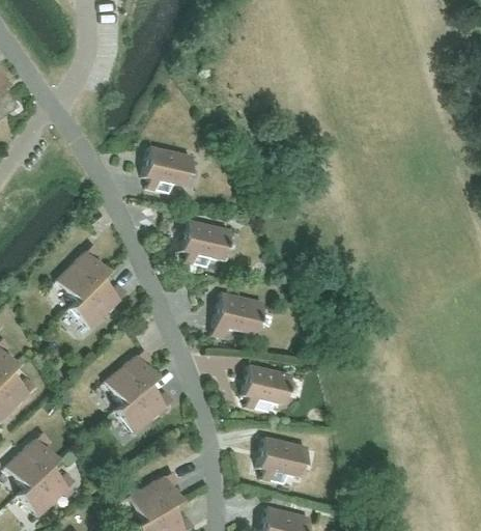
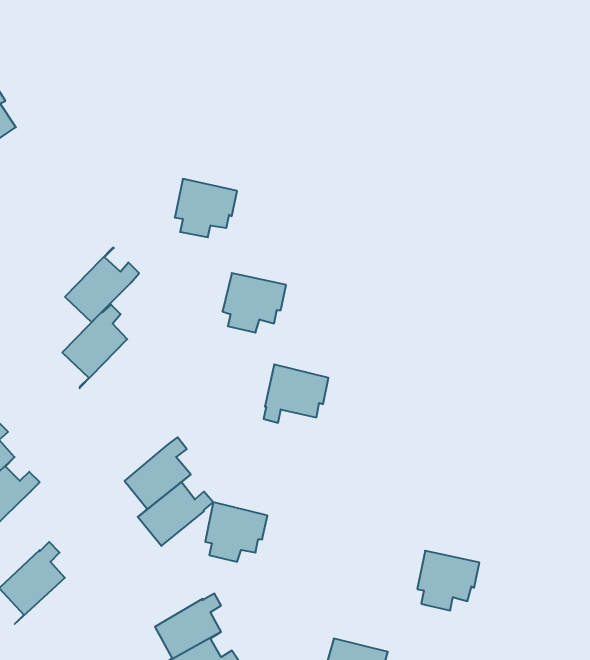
building: [69,272,128,330] -> [65,248,139,322]
building: [244,364,292,411] -> [205,502,267,562]
building: [259,437,308,483] -> [417,551,479,610]
building: [19,458,78,515] -> none

